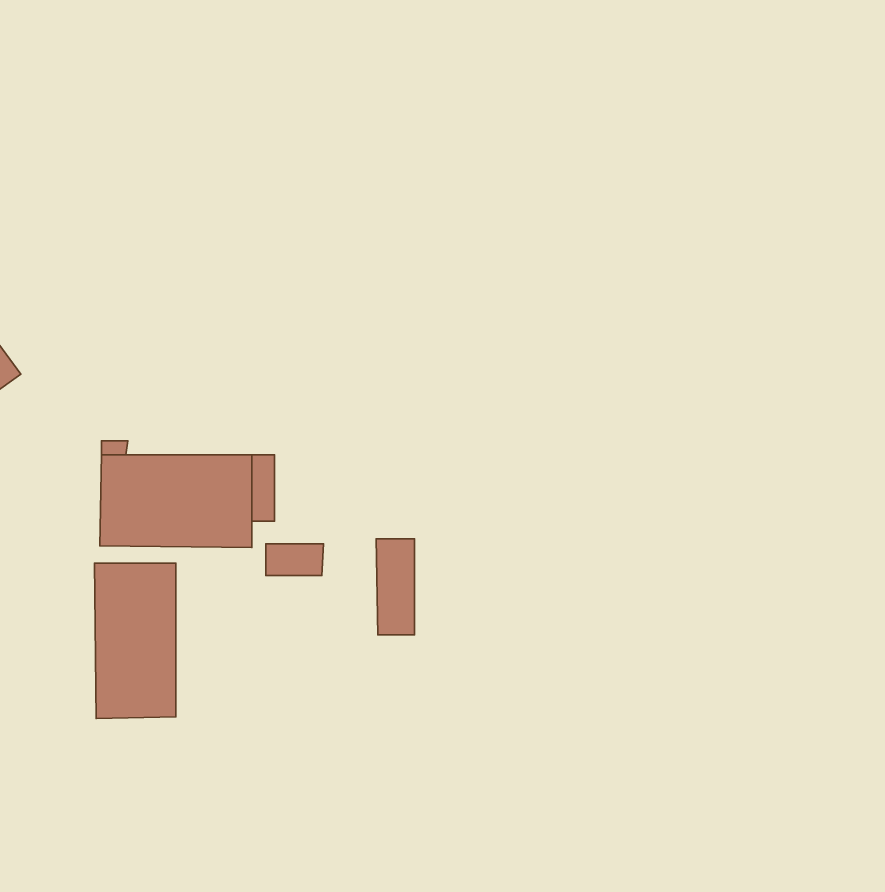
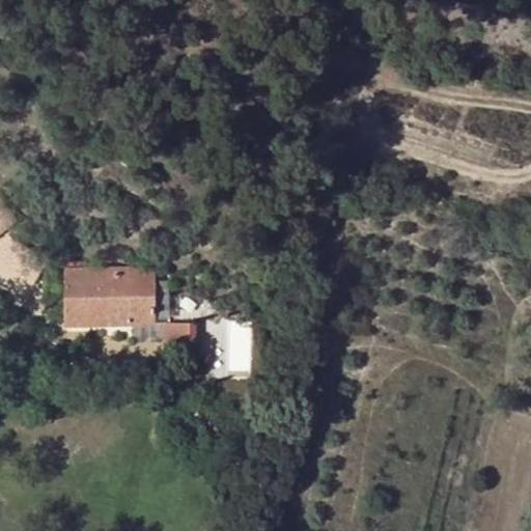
building: [95,563,176,719] -> none

